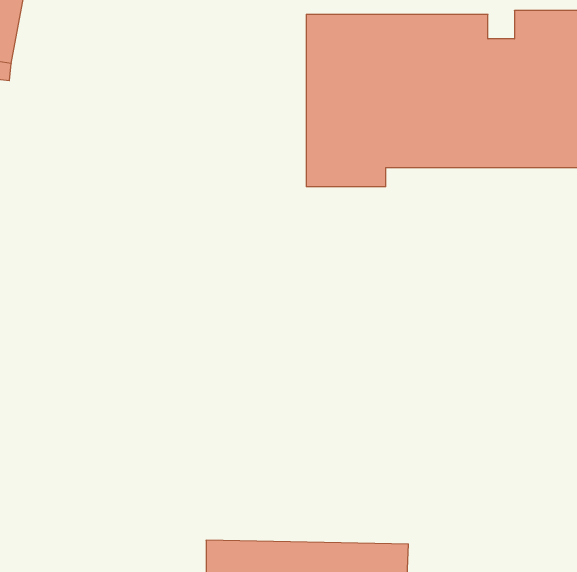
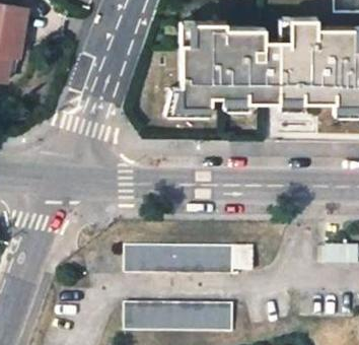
building: none -> [124,245,253,273]

